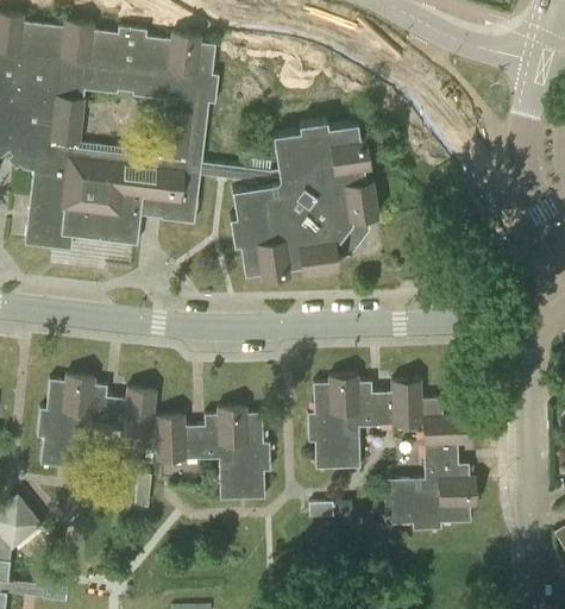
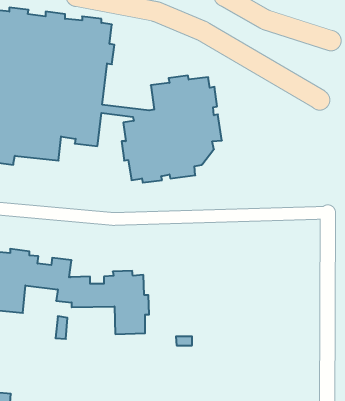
building: [307,376,476,529] -> none

